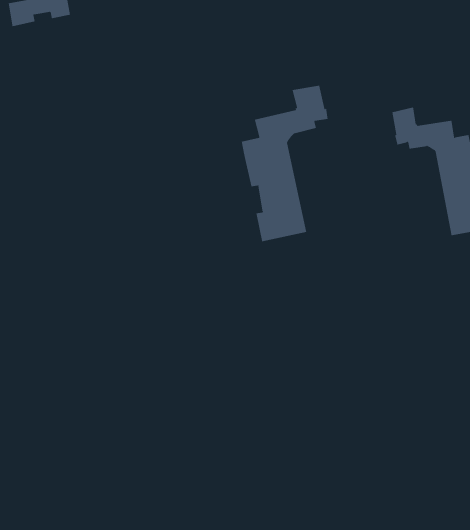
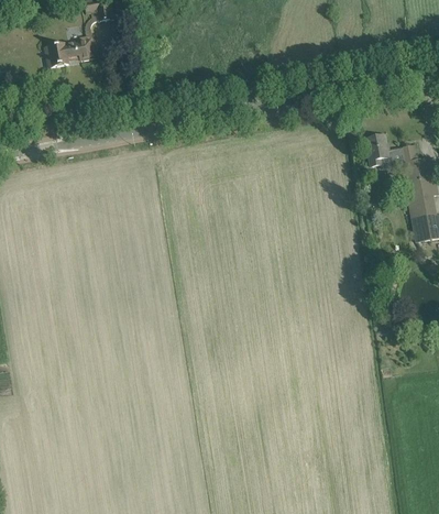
building: [241,85,328,242] -> none

